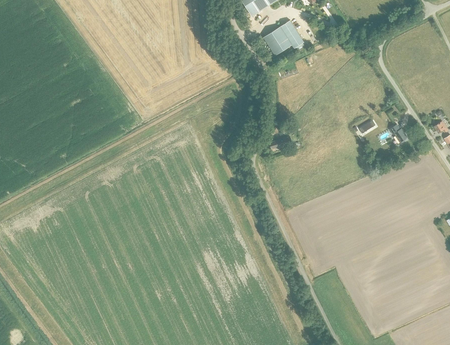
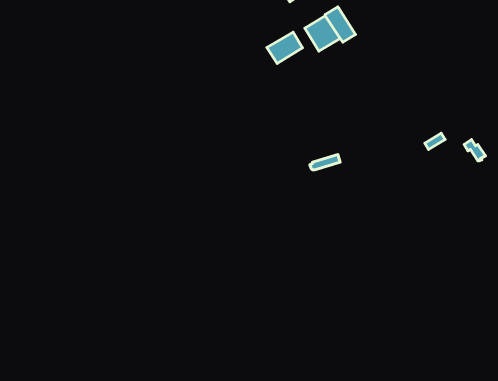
building: none -> [267,32,303,64]

